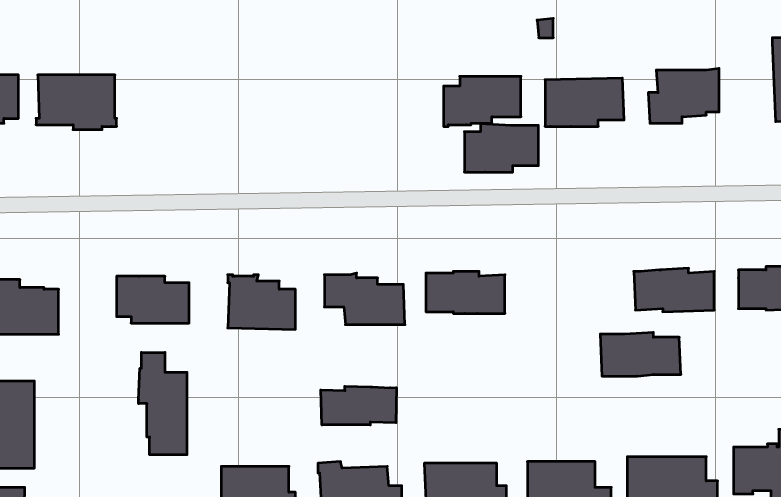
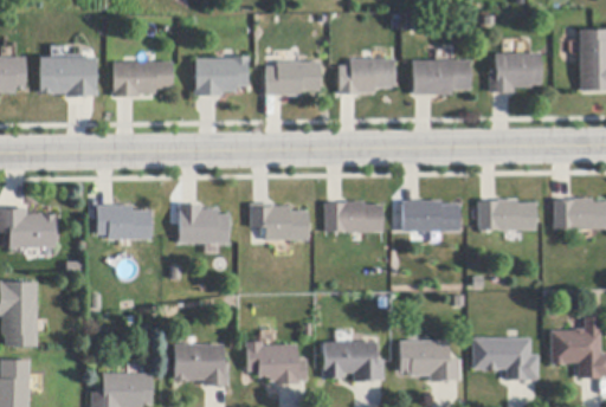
building: none -> [194,56,249,96]
building: none -> [111,62,172,97]
building: [464,124,538,172] -> [265,60,320,96]
building: [600,332,681,376] -> [401,200,460,232]
building: [139,352,187,455] -> none
building: [321,386,396,425] -> none

